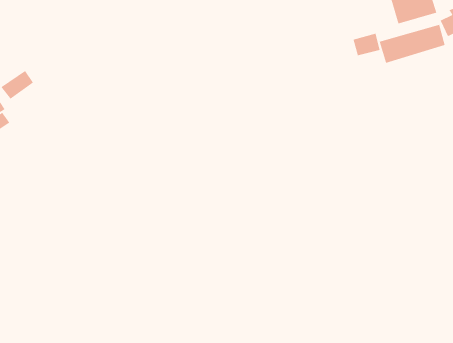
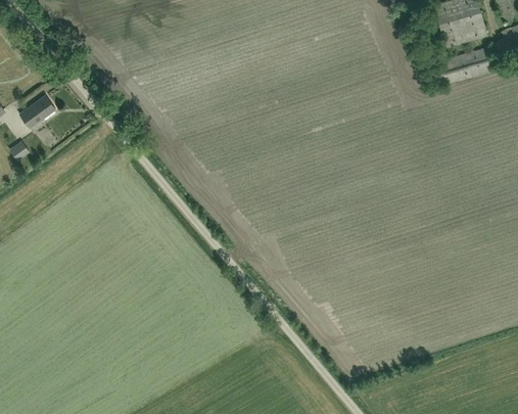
building: [353,33,380,56] -> none

